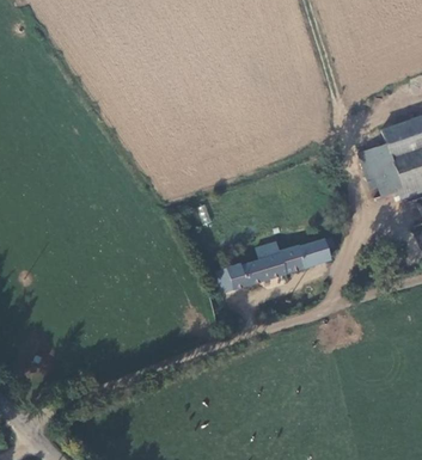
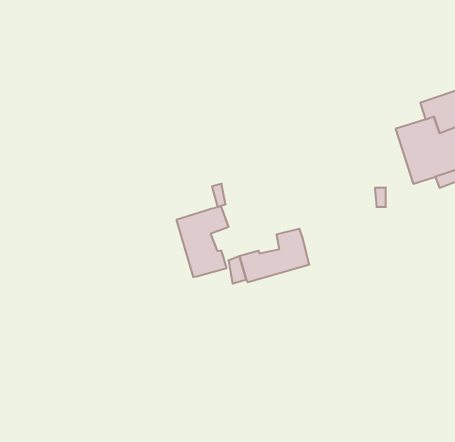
building: none -> [177,206,228,277]
building: [277,239,332,275] -> none

